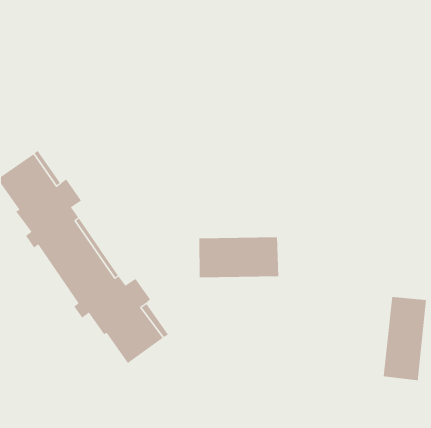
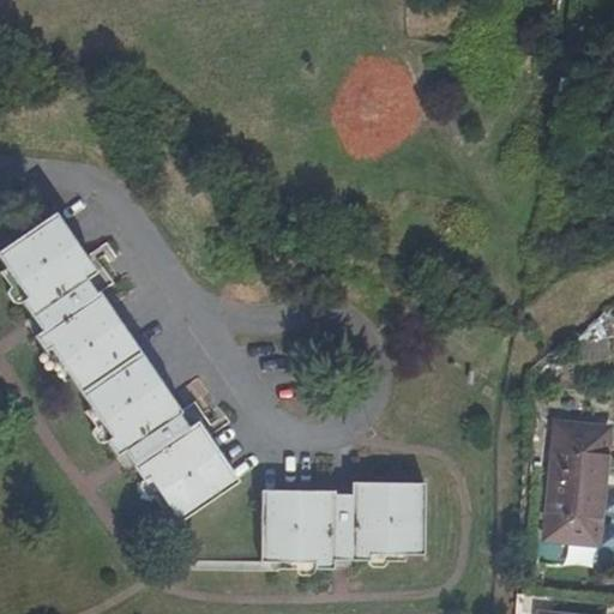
building: [199,236,279,278] -> none
building: none -> [258,478,423,567]

